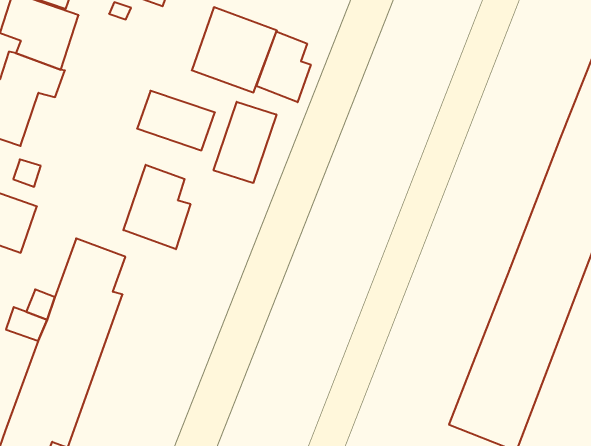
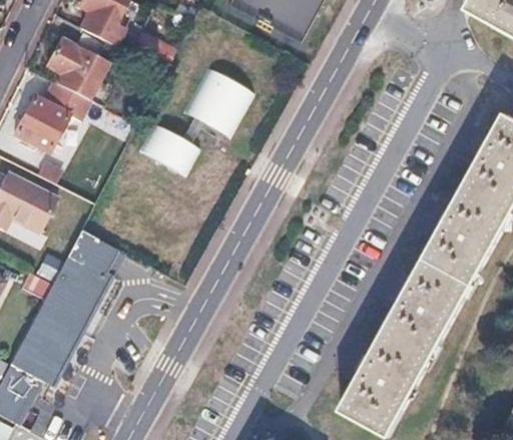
building: [256,32,311,102] -> none
building: [214,102,276,183] -> none
building: [123,165,190,249] -> none

